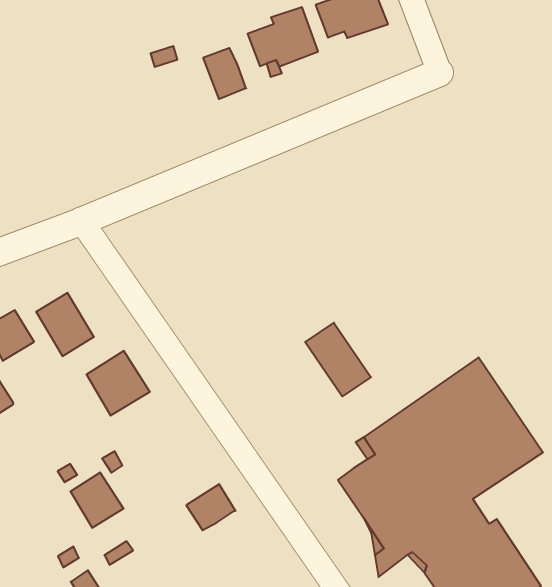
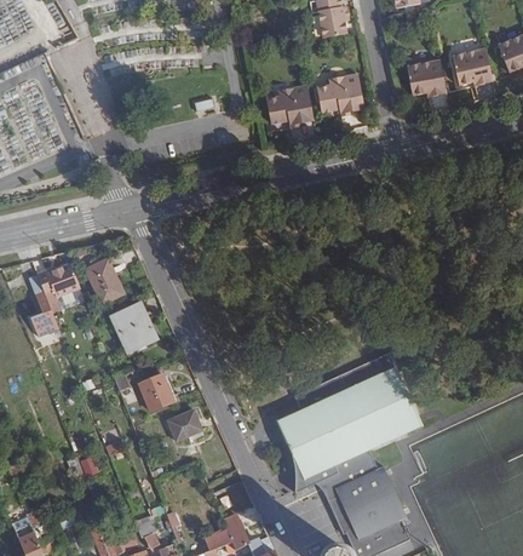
building: [203,48,246,99] -> none
building: [305,323,371,396] -> none
building: [70,473,124,528] -> [138,373,173,411]

